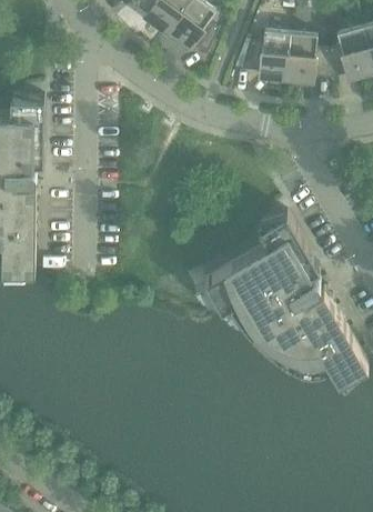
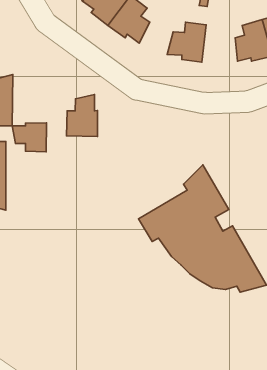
building: [284,32,330,82] -> none
building: none -> [66,94,98,136]
building: none -> [12,123,47,152]

